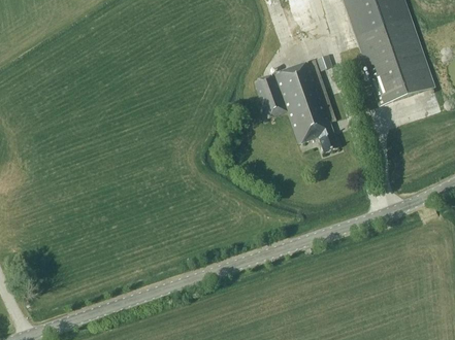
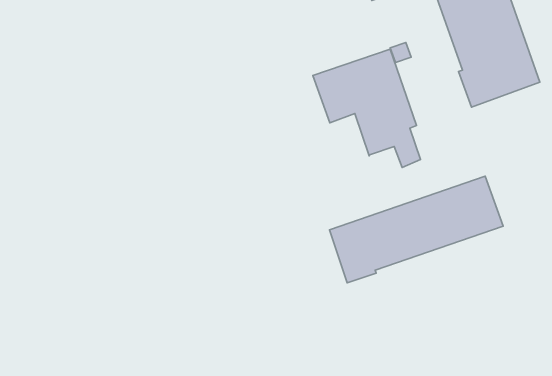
building: none -> [329,176,503,283]

